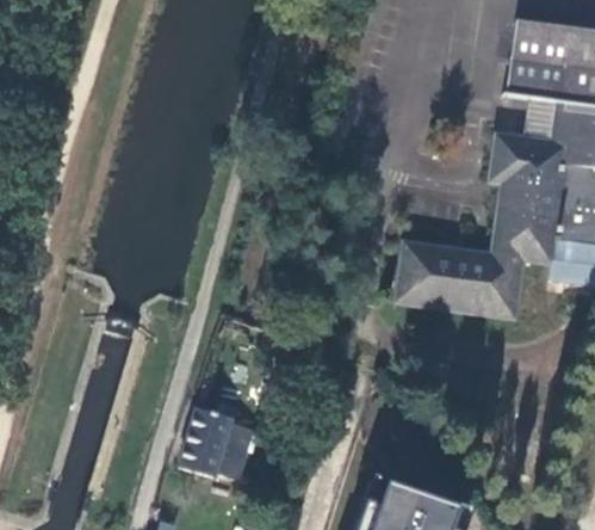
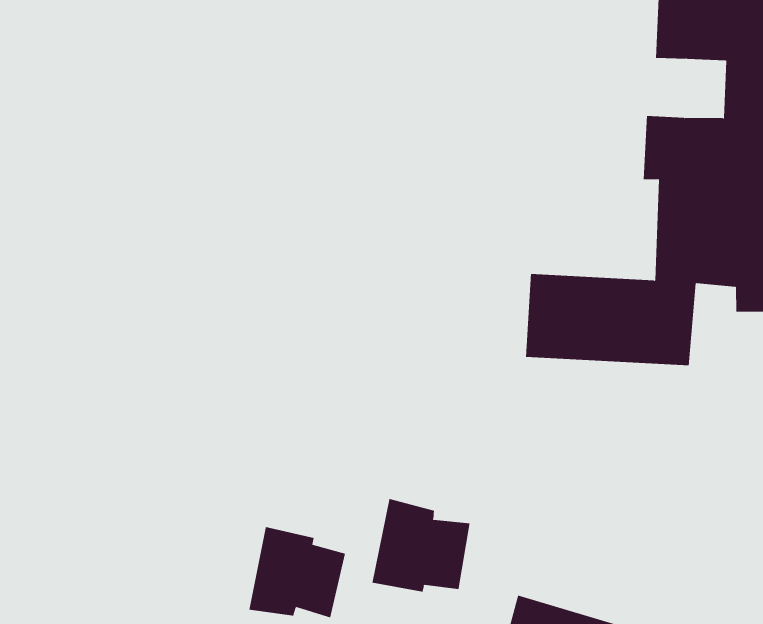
building: [523,99,556,143] -> none
building: none -> [372,498,470,592]

